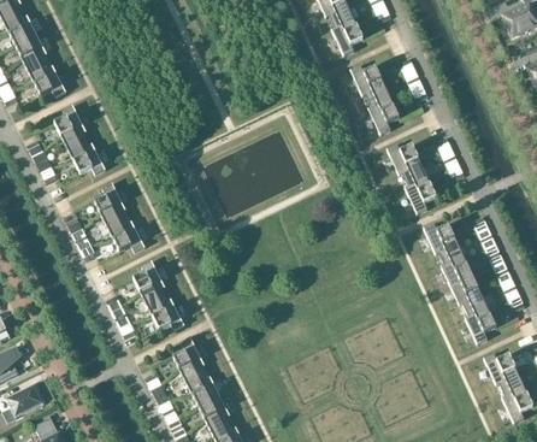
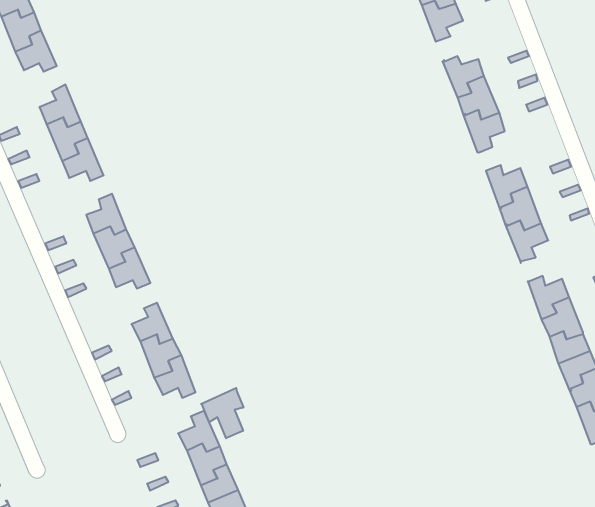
building: none -> [201,388,243,438]

